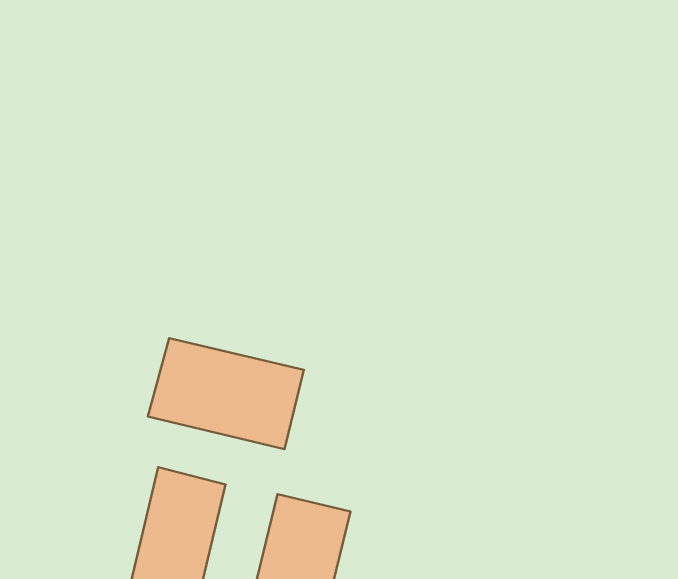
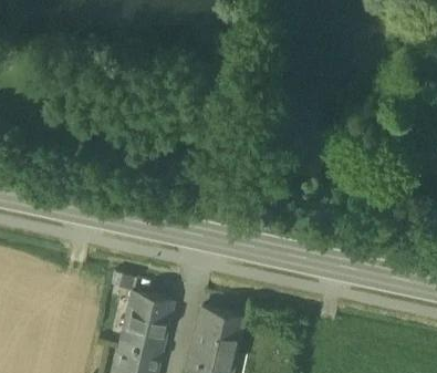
building: [148,338,304,449] -> none

